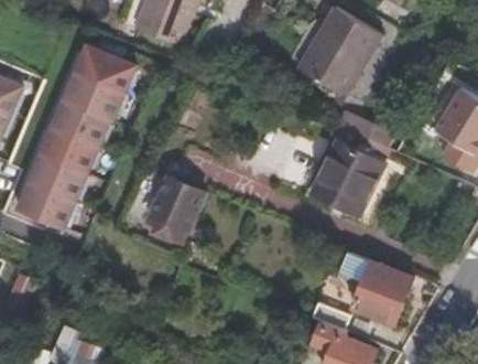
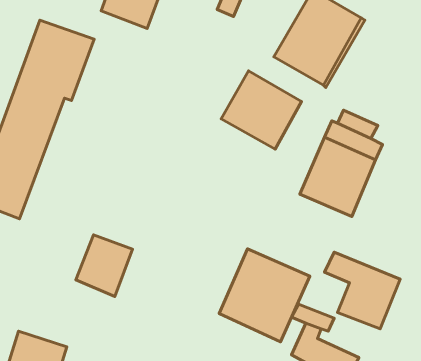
building: none -> [221,71,302,149]
building: [151,179,204,236] -> [76,235,133,296]
building: none -> [219,249,310,342]

